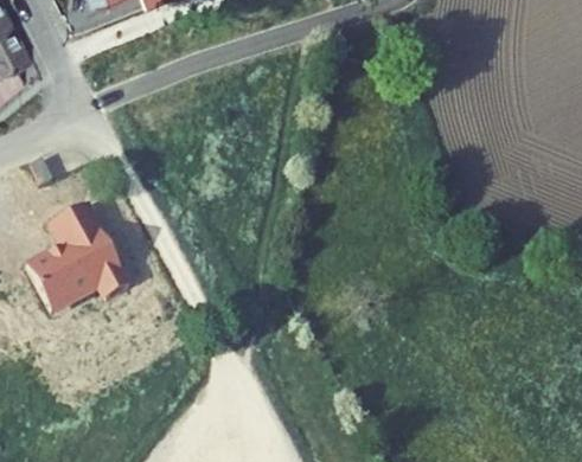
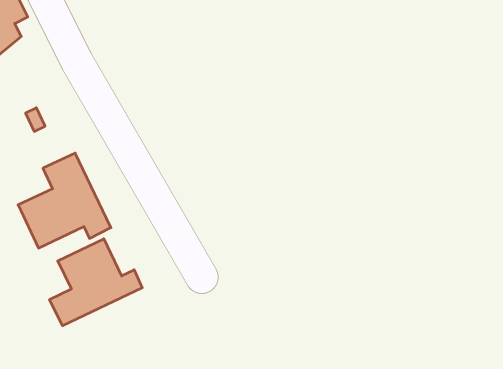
building: none -> [50,239,142,326]

